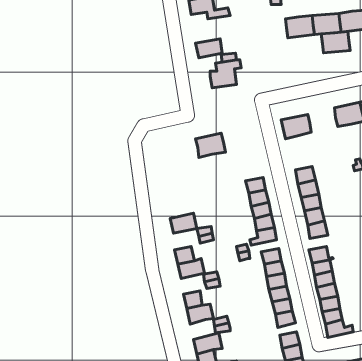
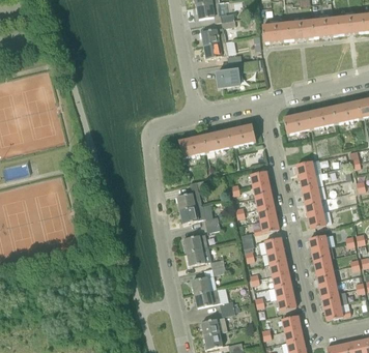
building: none -> [201,20,236,46]
building: [321,32,350,53] -> [262,23,289,42]
building: none -> [308,106,336,128]
building: none -> [227,124,256,147]
building: none -> [178,135,206,157]
building: none -> [177,179,210,209]

